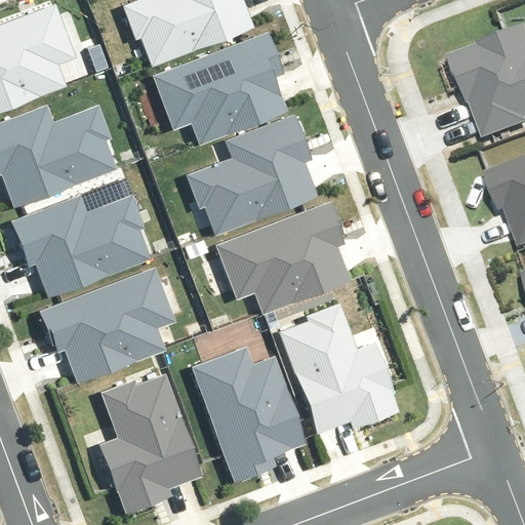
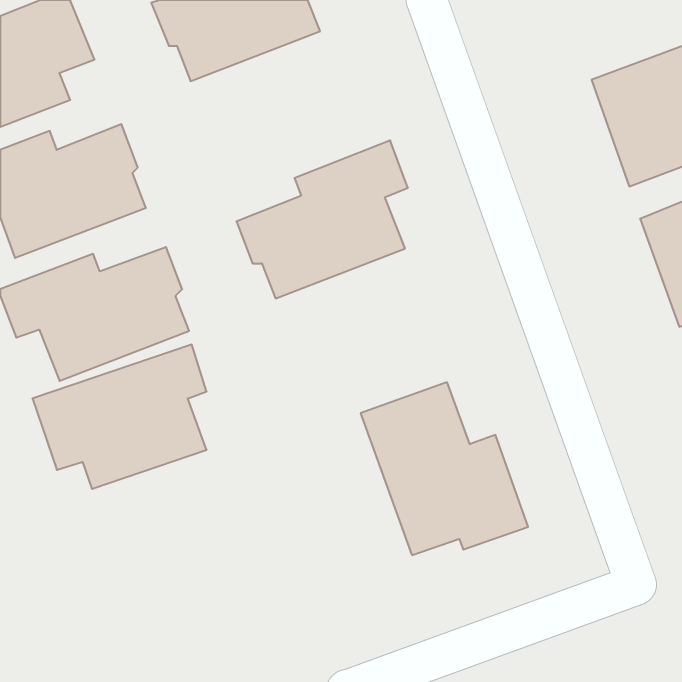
building: [147,37,279,147] -> none
building: [213,208,346,318] -> none
building: [188,344,311,483] -> none
building: [102,368,208,516] -> none

